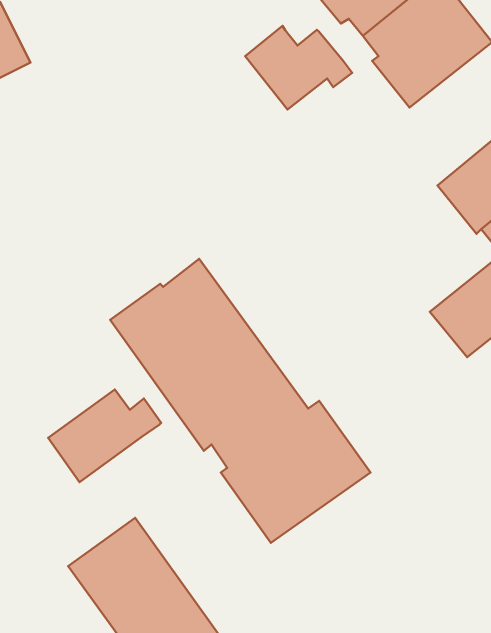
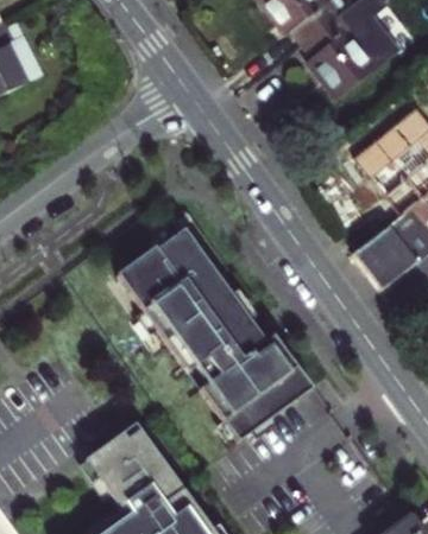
building: [245,26,352,110] -> none
building: [48,389,161,482] -> none

